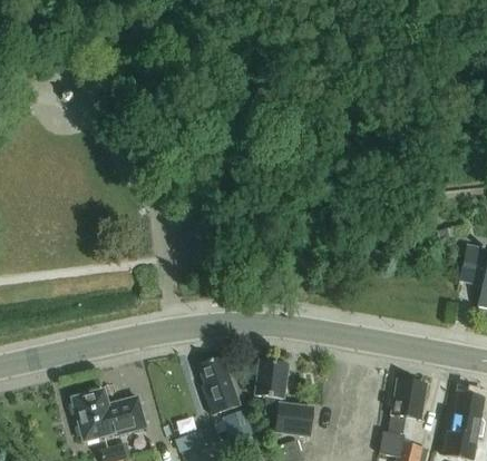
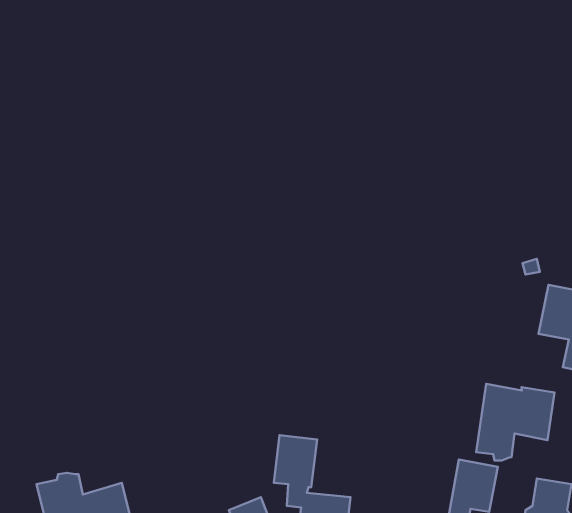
building: none -> [476,384,555,461]
building: [198,356,240,414] -> none

